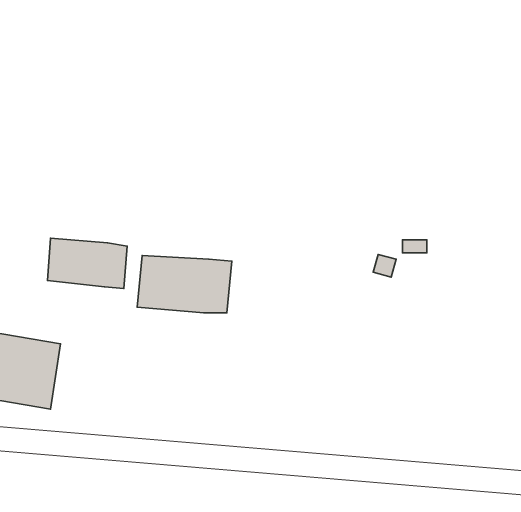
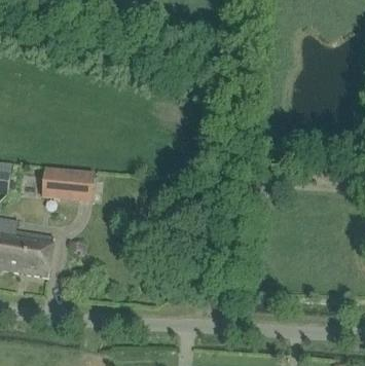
building: [137,256,232,313] -> none

